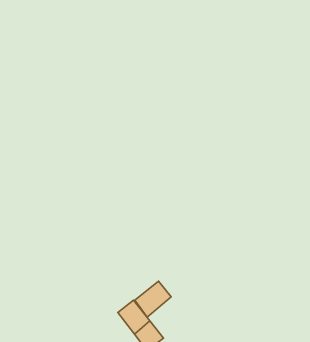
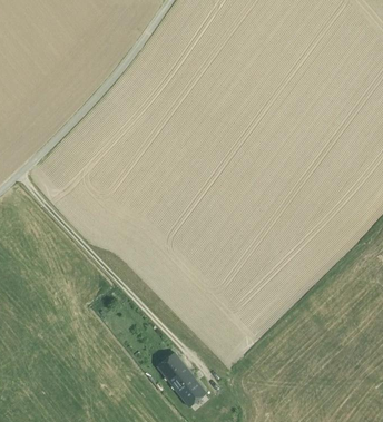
building: [135,281,171,317] -> none

